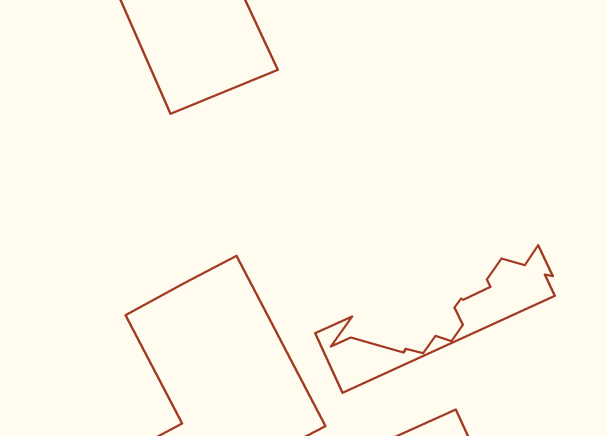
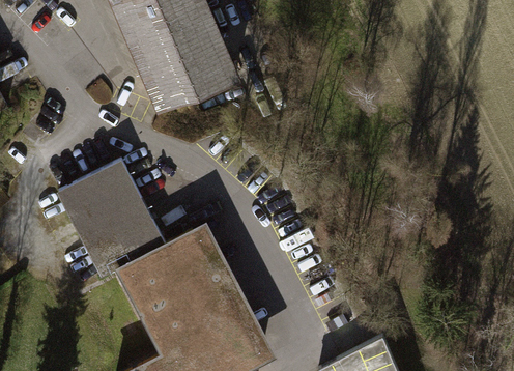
building: none -> [53,156,162,274]
building: [315,245,555,393] -> none

